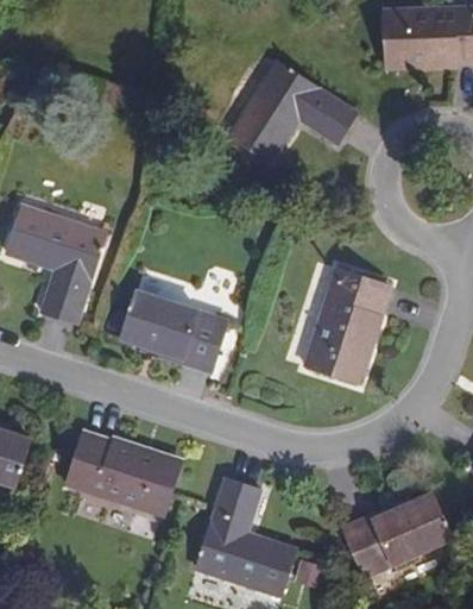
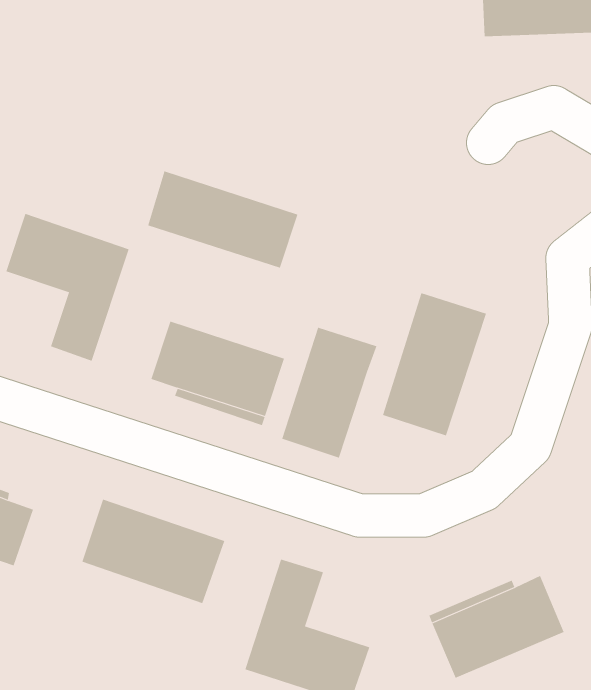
building: [229,62,355,163] -> none
building: none -> [147,171,298,268]
building: none -> [281,327,377,459]

